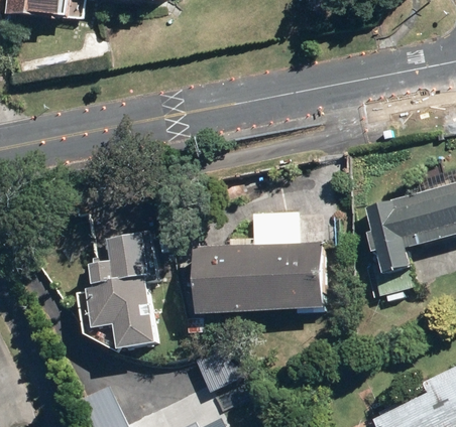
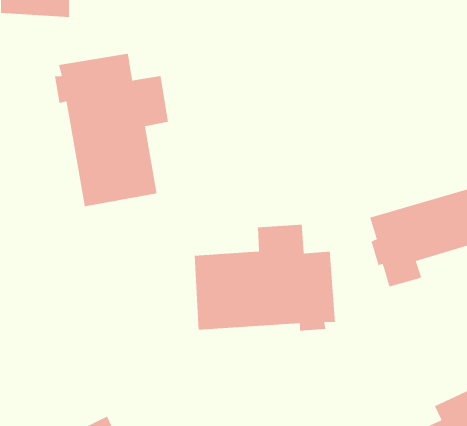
building: none -> [54,53,169,207]
building: [87,205,169,352] -> none

